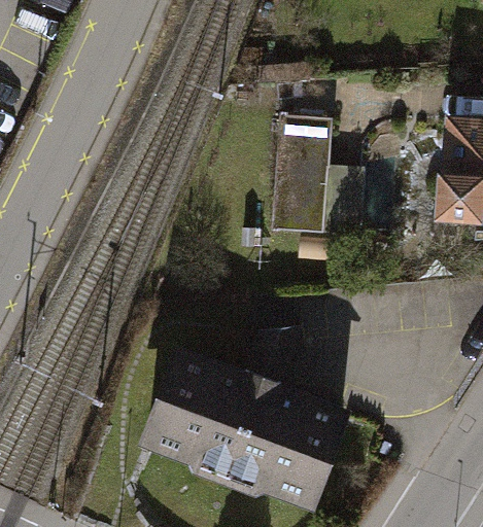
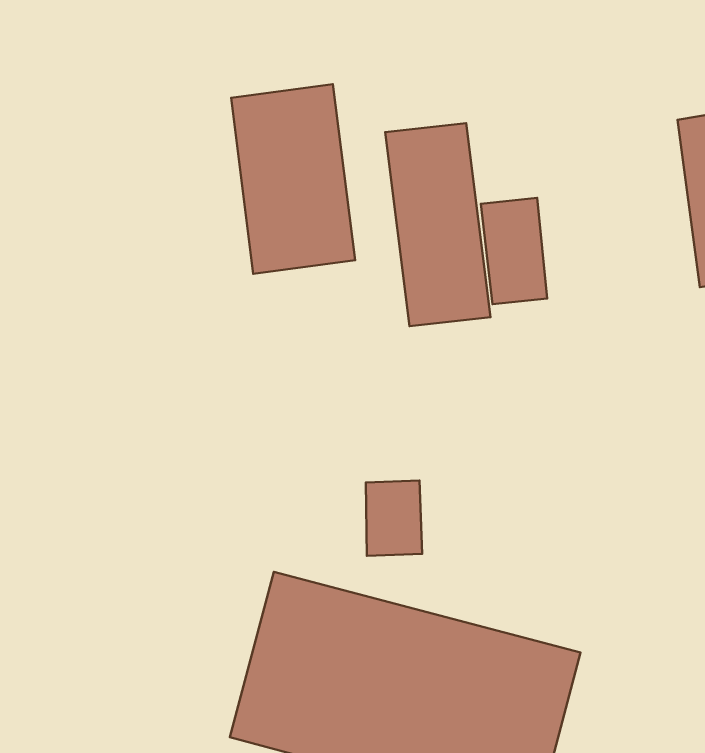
building: none -> [231,84,355,274]

